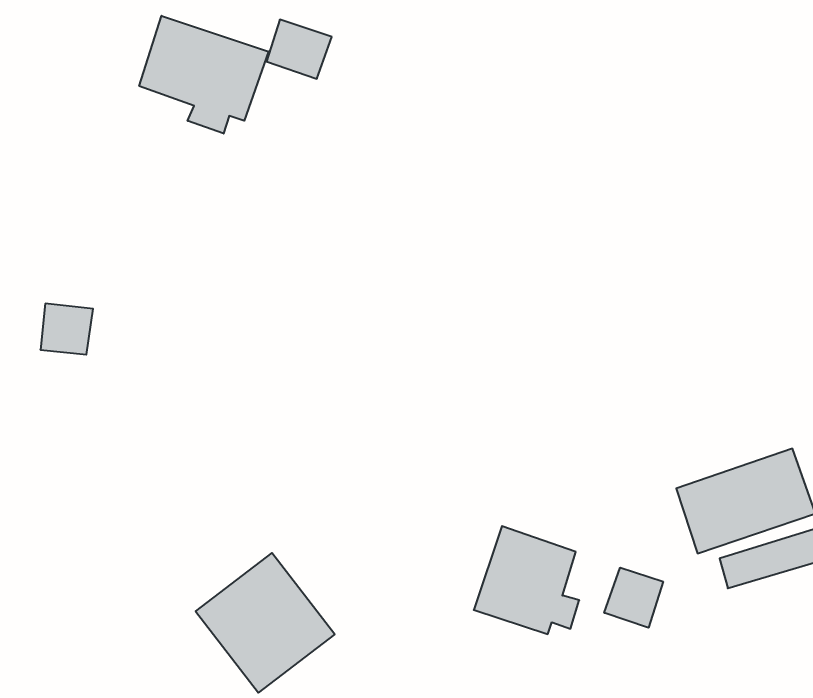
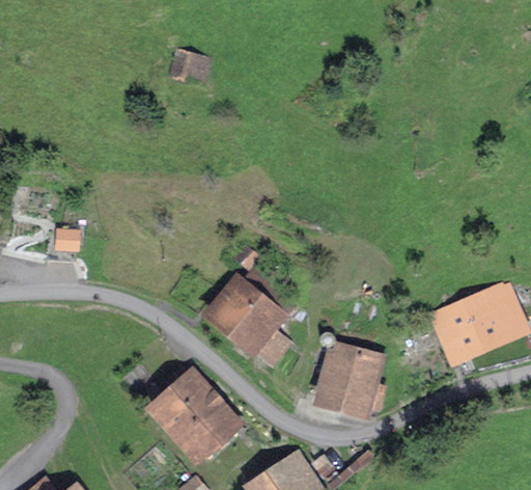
building: [139,16,268,134] -> none
building: none -> [211,267,287,359]
building: [604,568,663,628] -> none

